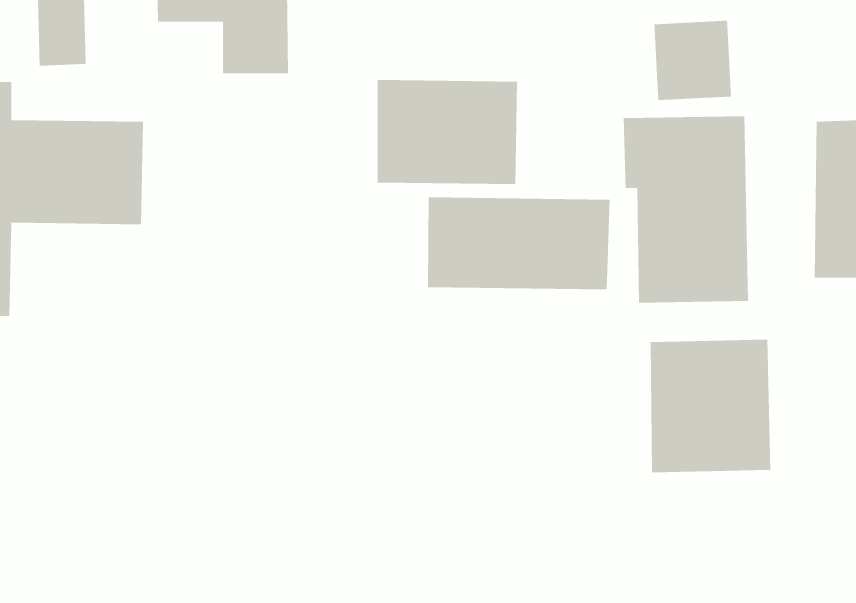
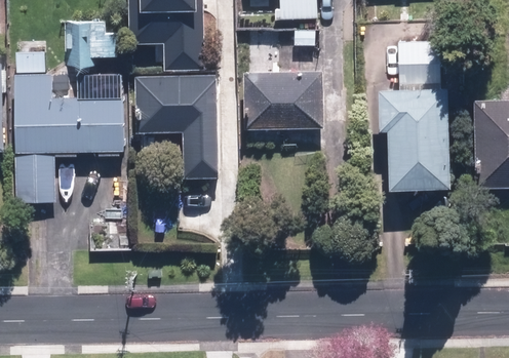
building: none -> [135,78,217,175]
building: [427,197,610,290] -> none
building: [650,339,771,473] -> none

